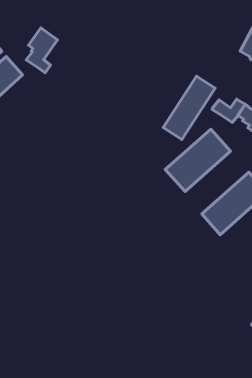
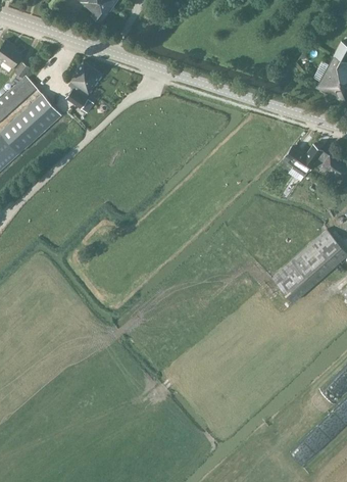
building: [163,76,215,139] -> none
building: [165,129,231,192] -> none

